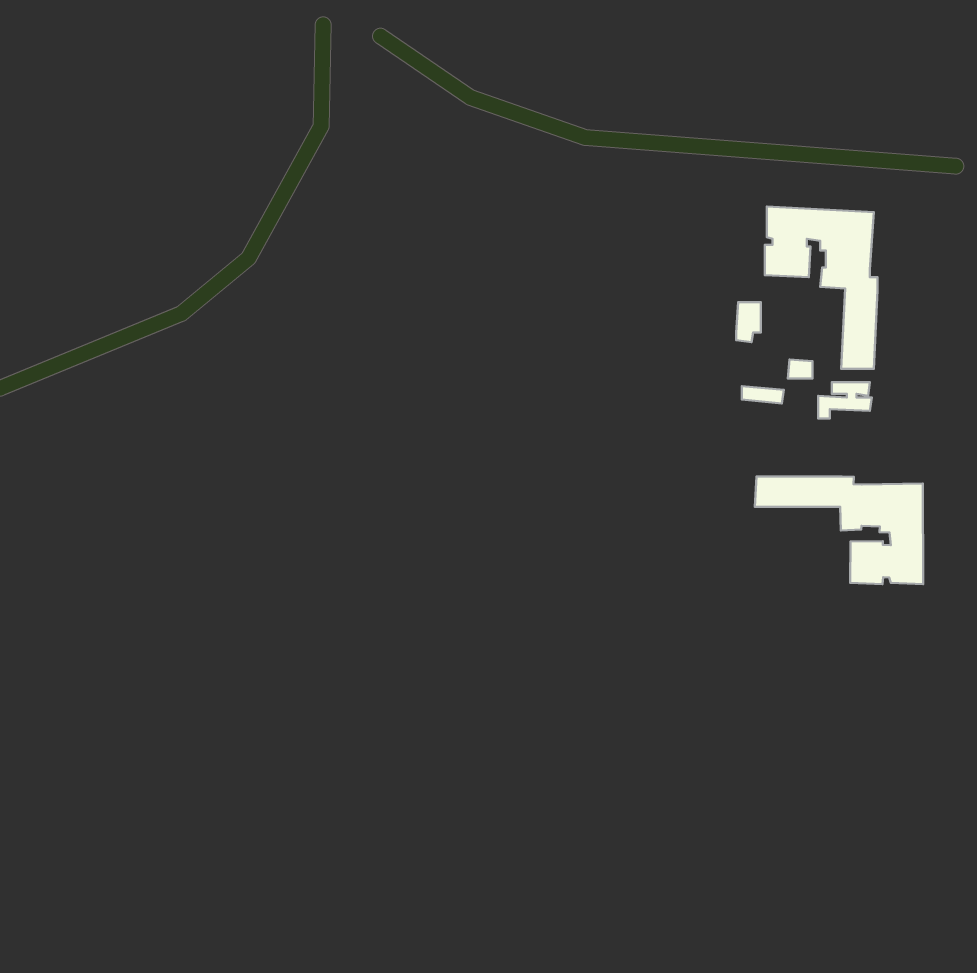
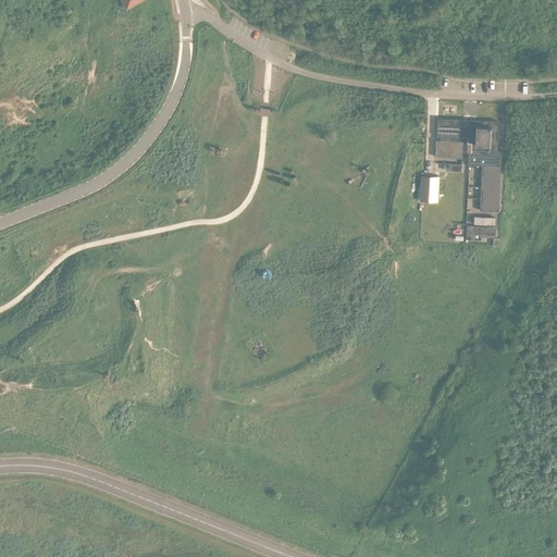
building: [755,476,923,584] -> none

